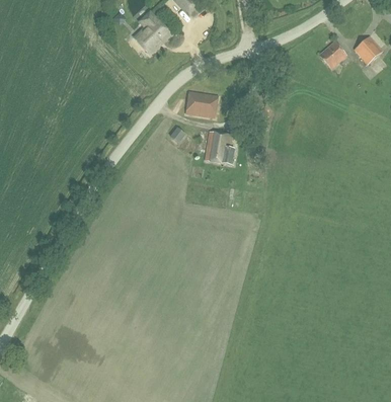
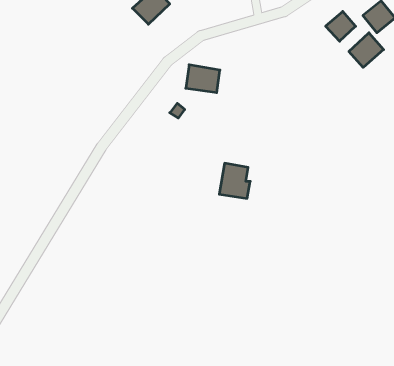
building: none -> [349,33,384,67]
building: [205,131,234,164] -> [219,163,250,198]

